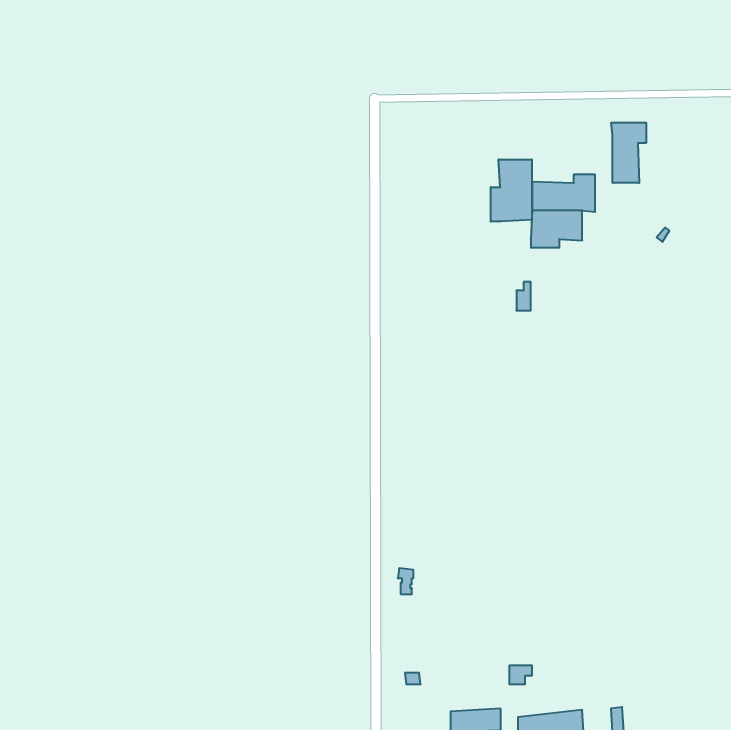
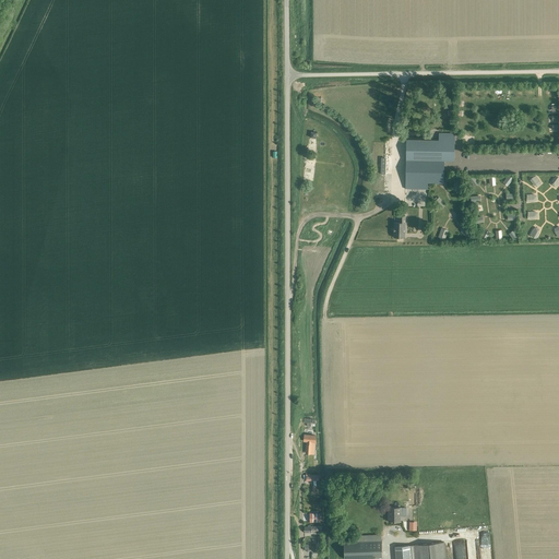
building: [611,123,646,183] -> none
building: [491,159,532,222] -> none

